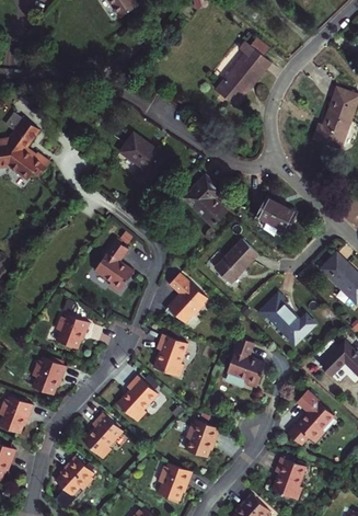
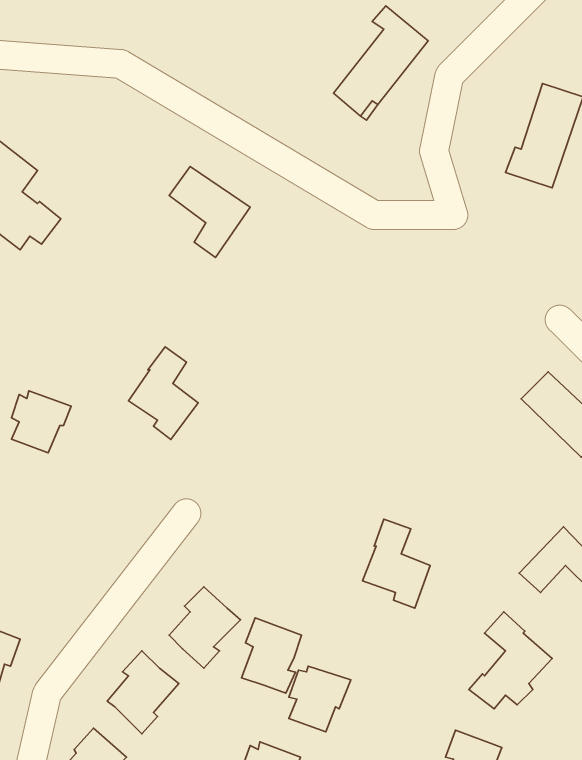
building: [181,176,222,227] -> none
building: [257,199,295,232] -> none
building: [211,240,255,284] -> none
building: [166,272,208,322] -> none
building: [255,294,312,345] -> none
building: [57,312,91,347] -> [11,391,71,453]
building: [154,333,188,376] -> [241,618,301,693]
building: [33,356,67,394] -> none

